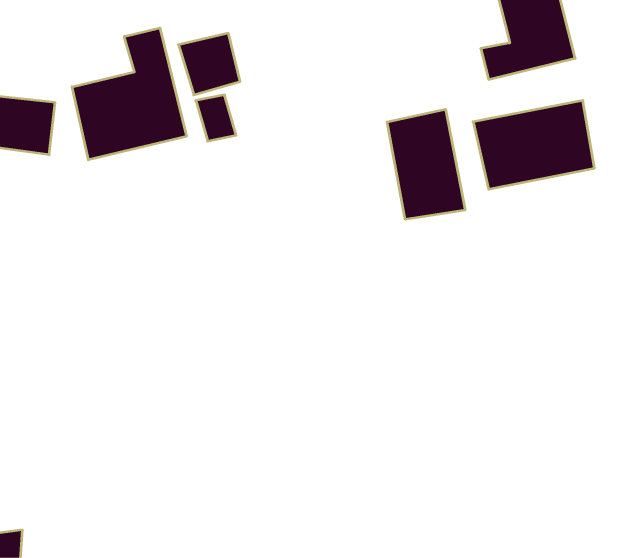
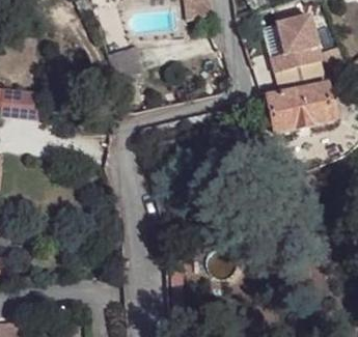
building: [72,28,186,160] -> none
building: [387,109,465,219] -> none

